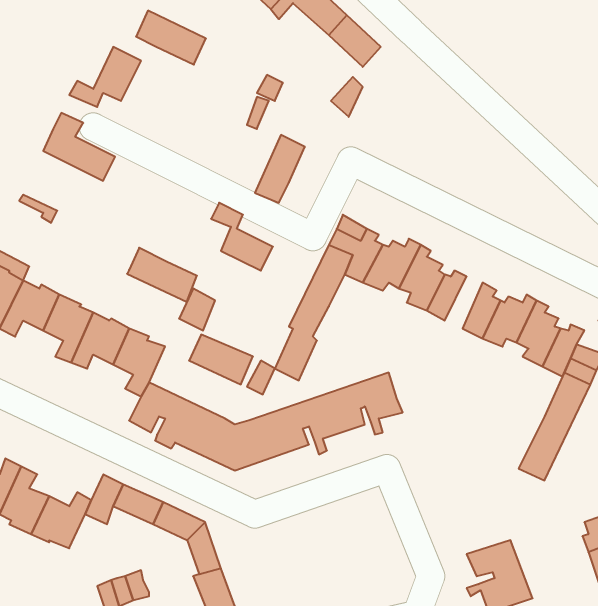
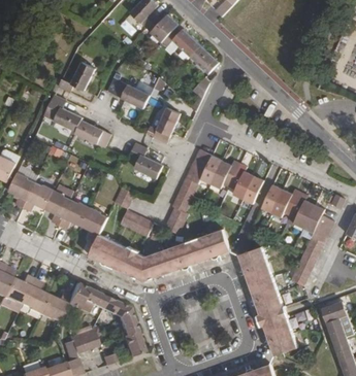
building: [136,11,206,65] -> [112,80,149,108]
building: [127,248,197,302] -> [73,119,109,147]
building: none -> [237,246,282,314]

